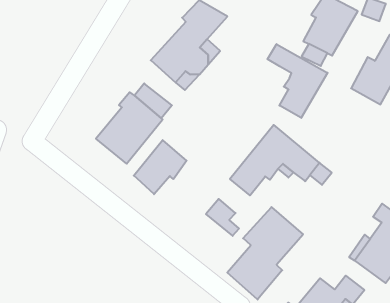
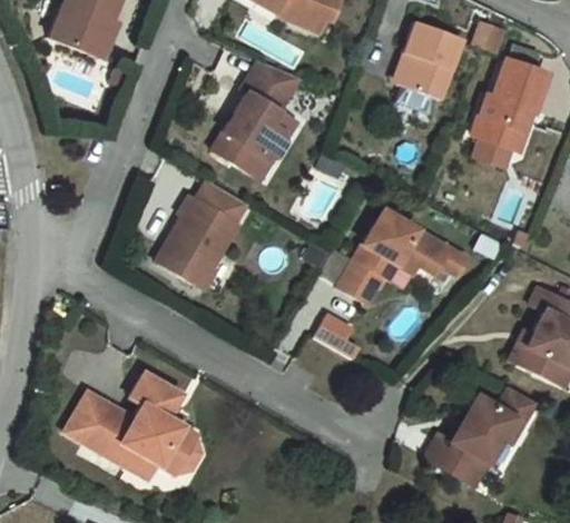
building: [267,44,328,118] -> none
building: [134,140,187,194] -> none
building: [227,207,303,300] -> none
building: none -> [67,371,202,471]

